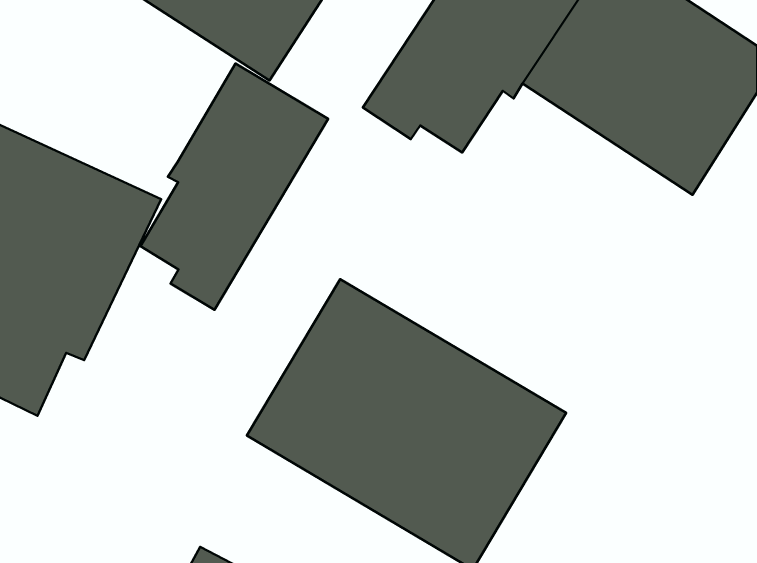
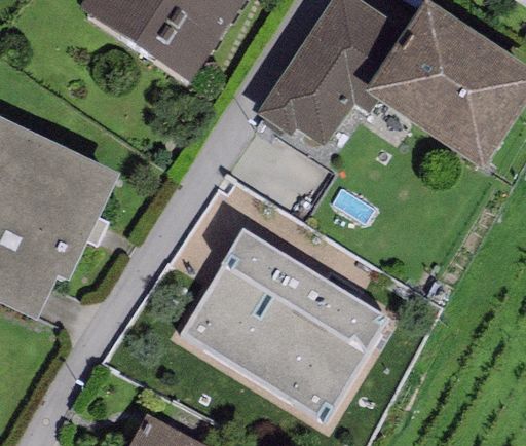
building: [140,64,328,310] -> none

